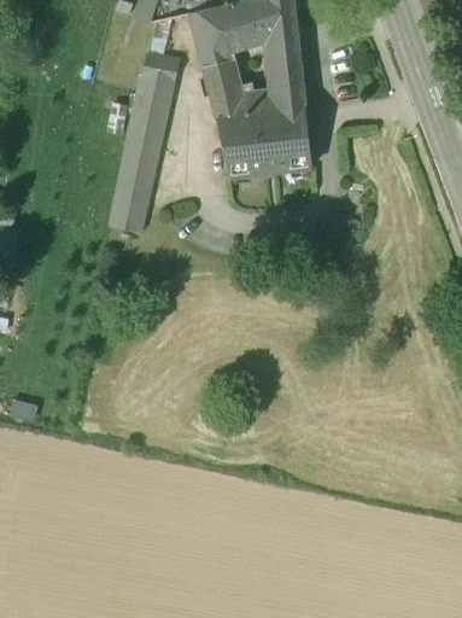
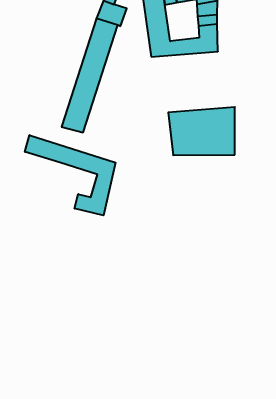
building: [218,105,311,176] -> [168,107,235,155]
building: none -> [25,135,116,215]

